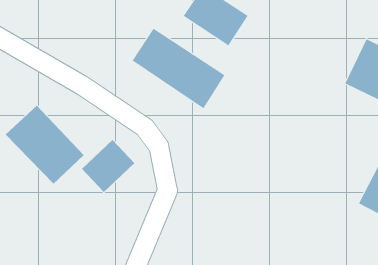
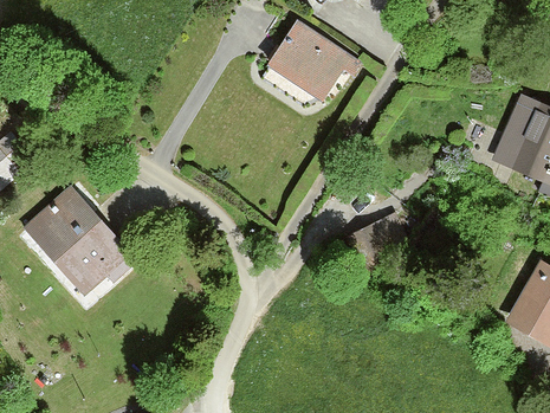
building: [132,28,225,109] -> none
building: [81,139,135,193] -> none

